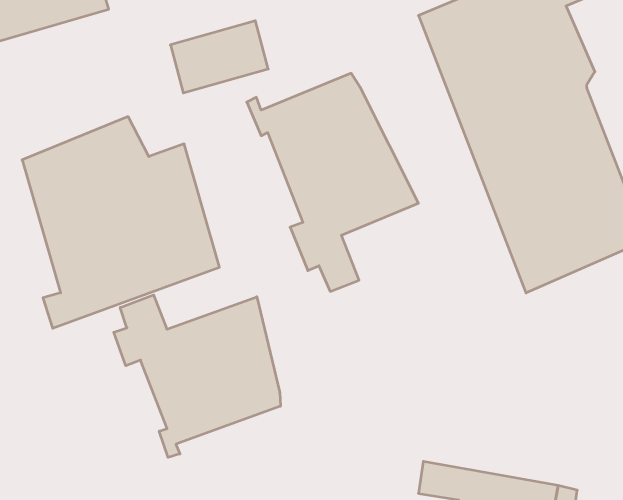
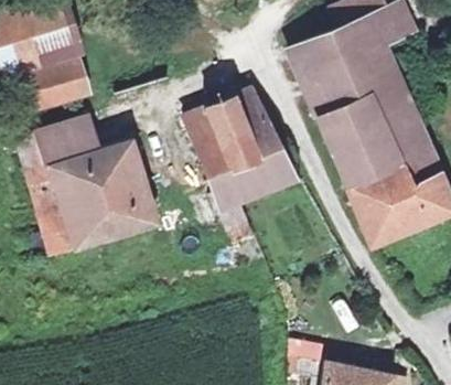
building: [170,21,268,93] -> [28,58,95,108]
building: [114,295,280,457] -> none

